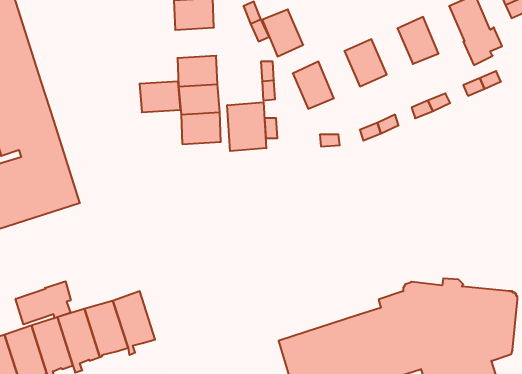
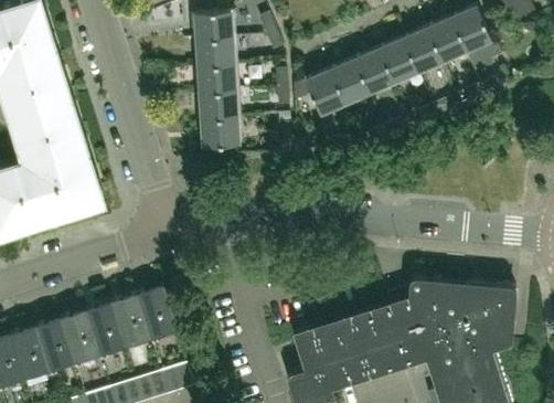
building: none -> [427,19,466,63]
building: [262,9,303,56] -> [329,61,367,105]
building: none -> [379,40,417,83]
building: [139,82,181,112] -> [194,39,233,67]
building: [227,102,266,151] -> none
building: [16,281,71,324] -> none

